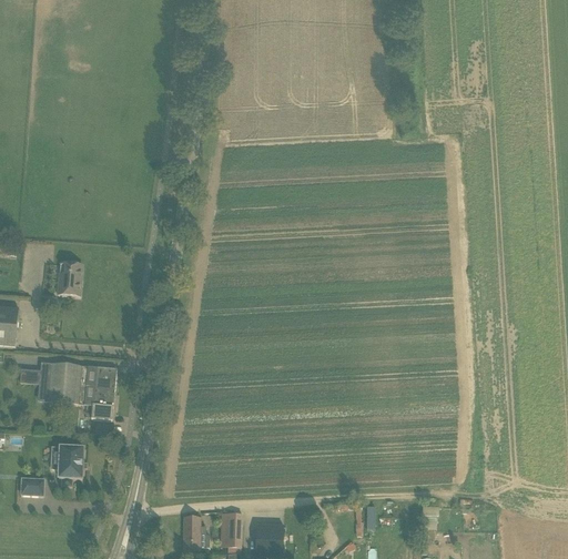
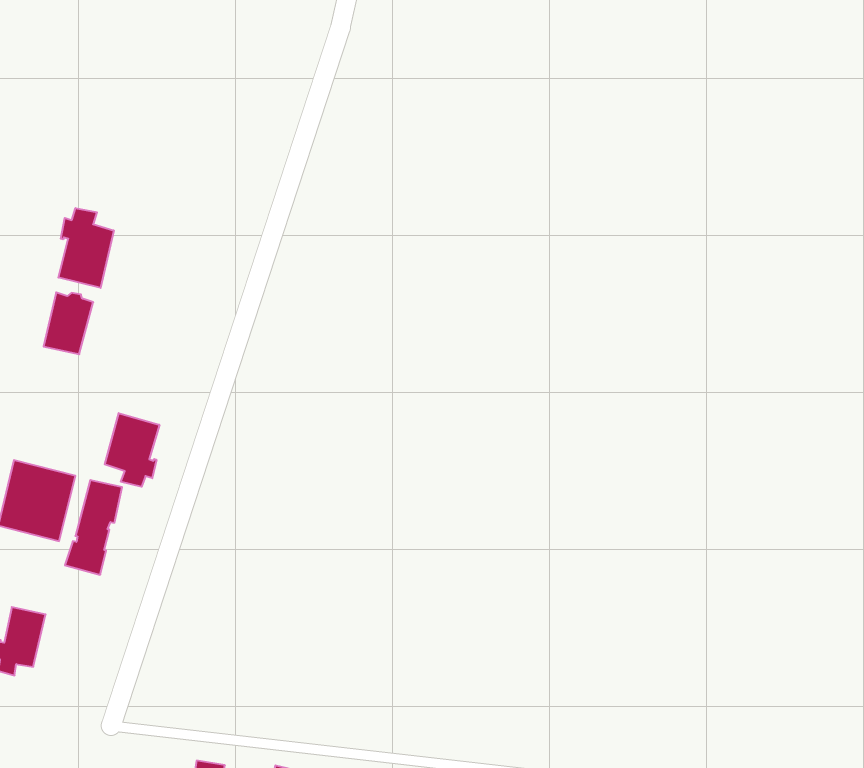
building: none -> [58,208,114,288]
building: none -> [105,413,159,487]

